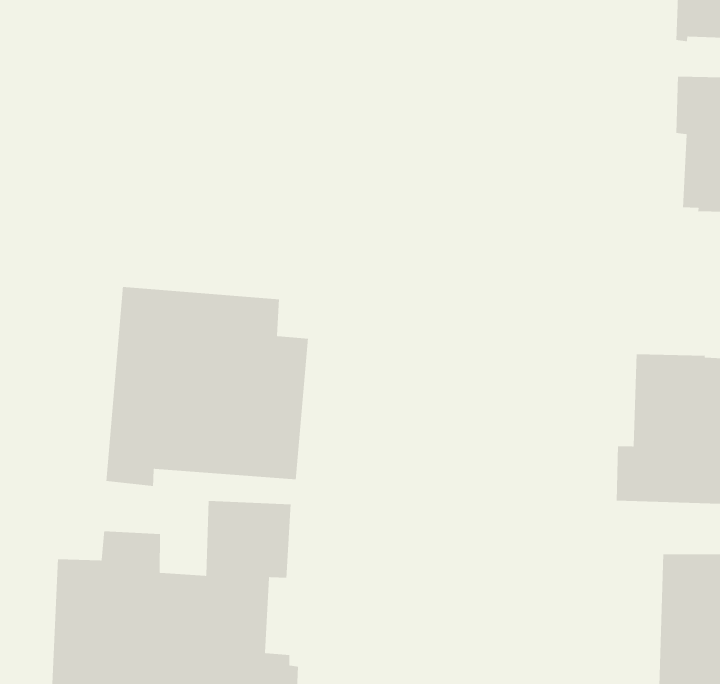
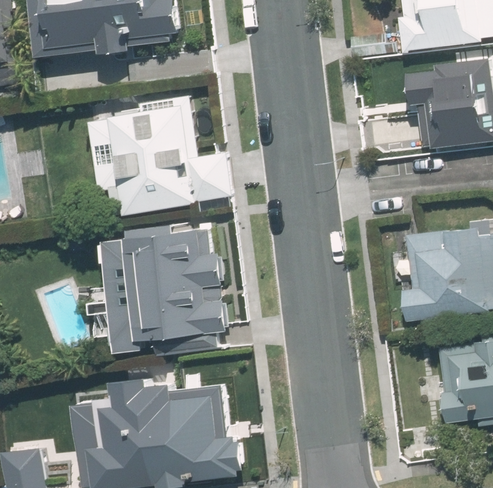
building: none -> [92,105,230,214]

